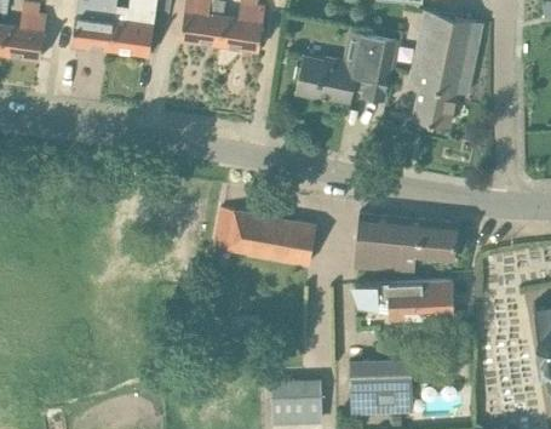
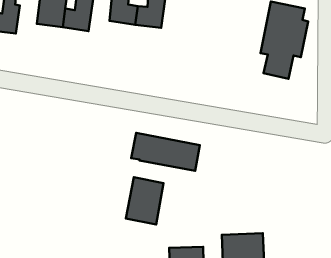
building: [294,30,397,103] -> none
building: [355,213,459,274] -> none
building: none -> [126,177,163,225]
building: [354,280,455,319] -> none

